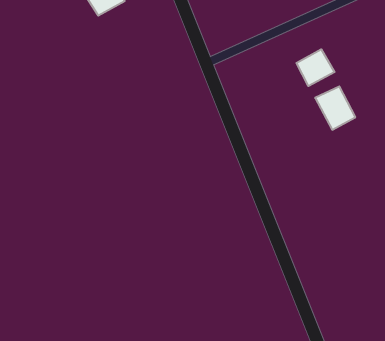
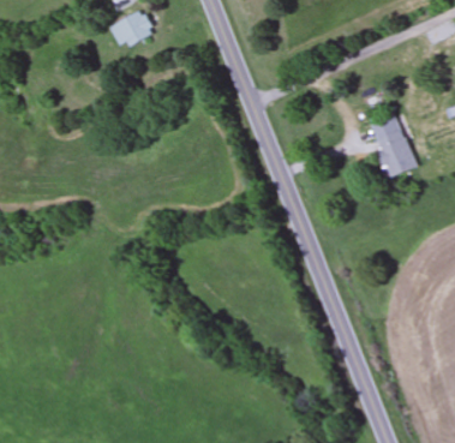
building: [296,49,335,86] -> none

